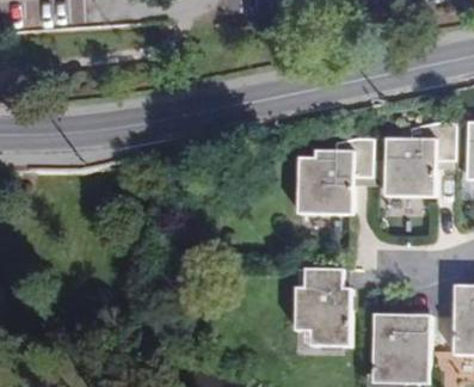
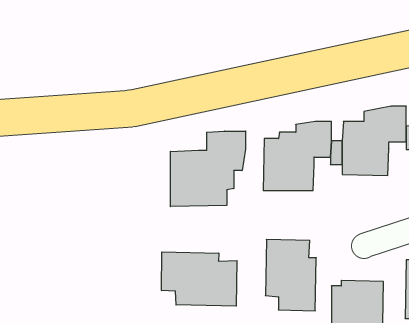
building: none -> [170,131,246,207]
building: none -> [162,252,237,306]

